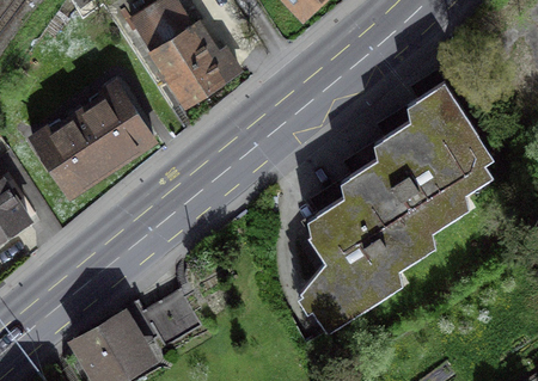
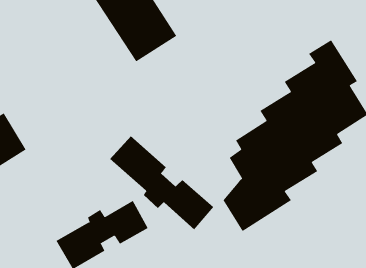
building: [23,82,152,198] -> none
building: none -> [109,135,214,230]

